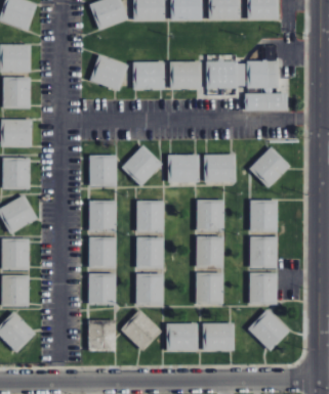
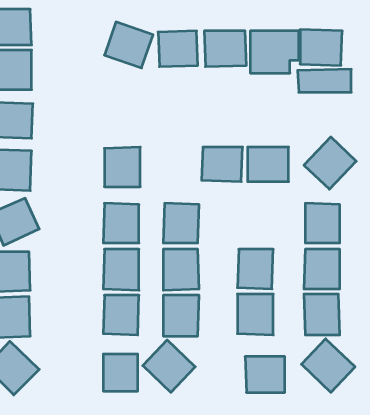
building: [121,145,163,186] -> none
building: [197,200,225,230] -> none
building: [166,323,198,352] -> none

